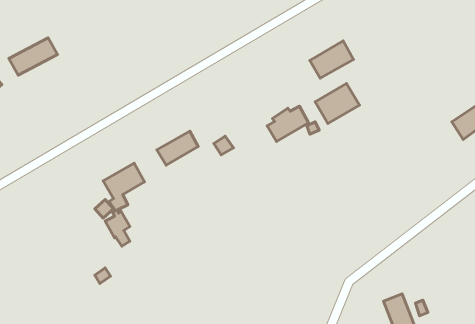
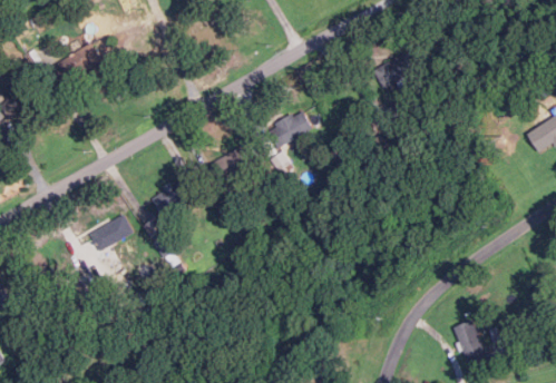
building: [315,83,359,124] -> none
building: [267,106,309,141] -> [269,110,313,148]
building: none -> [90,216,133,251]

